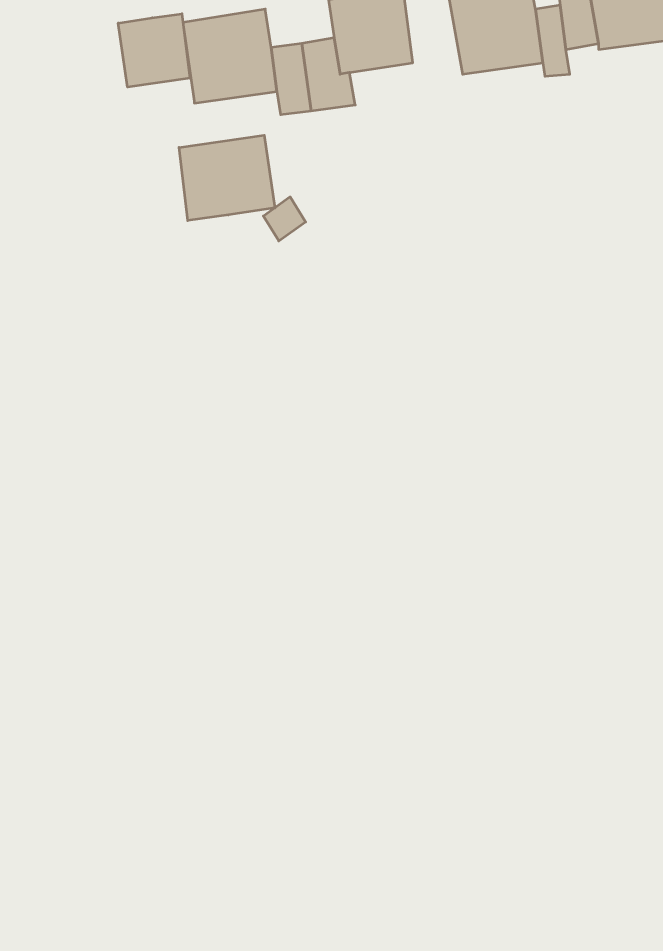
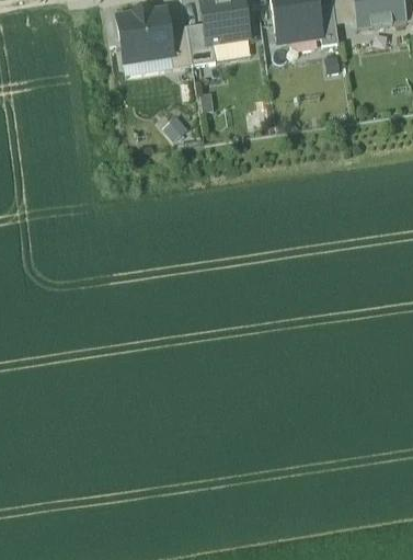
building: [118,14,190,87] -> none
building: [179,135,275,221] -> none

